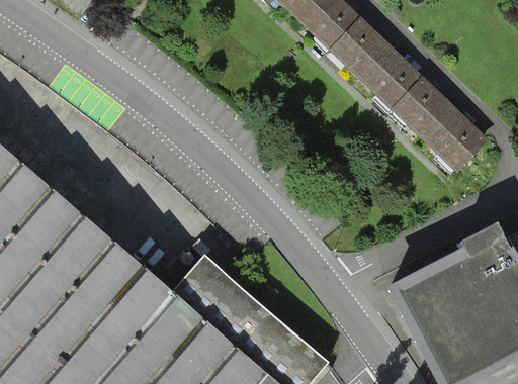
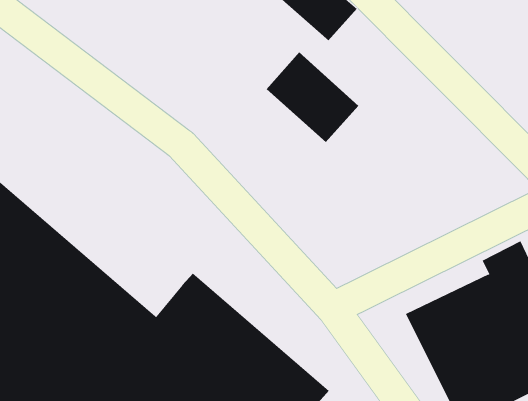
building: [331,24,416,107] -> [266,51,359,143]
building: [395,85,487,173] -> none

